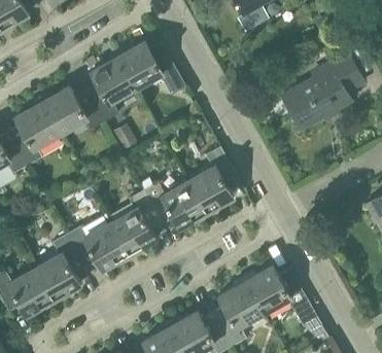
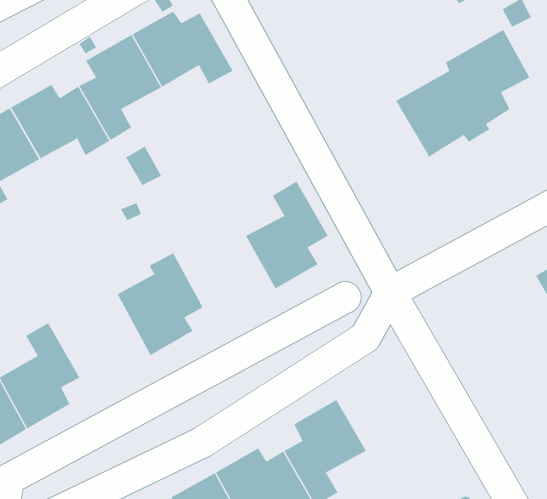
building: [144,180,207,228] -> none
building: [67,213,130,271] -> none
building: [245,266,314,321] -> none

